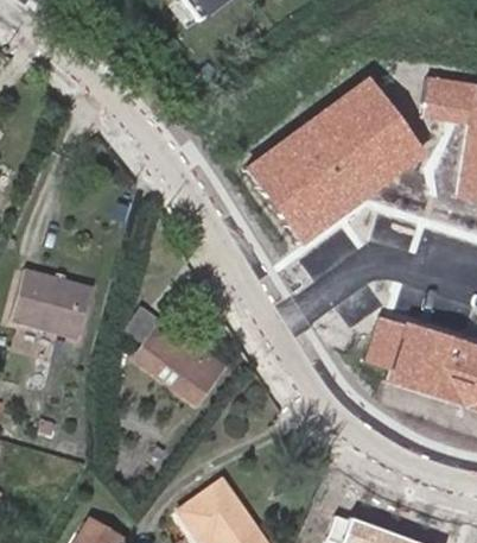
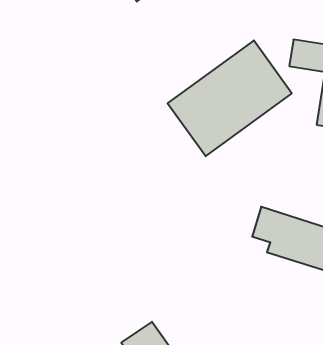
building: [14,273,94,337] -> none
building: [129,309,222,402] -> none

